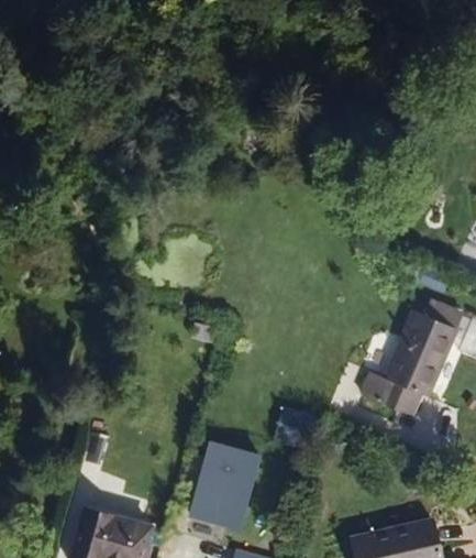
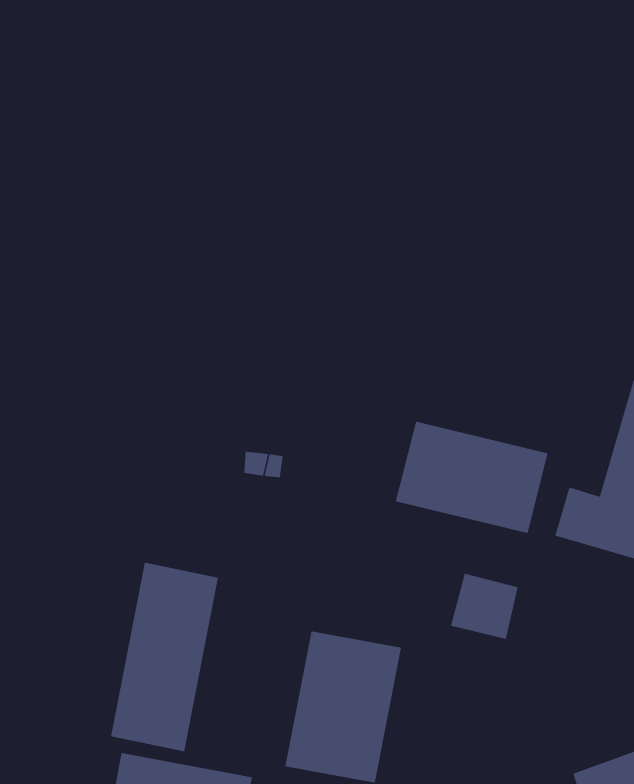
building: none -> [395,421,548,534]
building: none -> [111,562,218,752]

